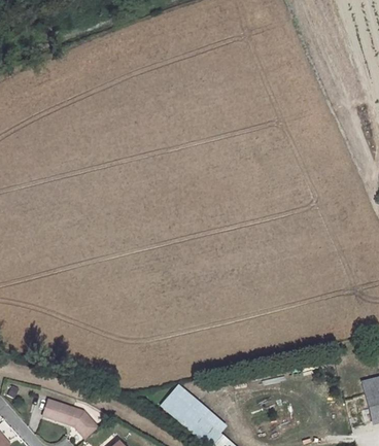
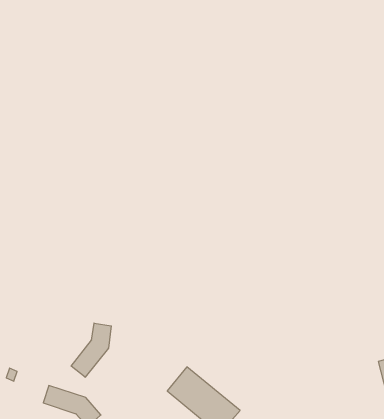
building: none -> [71,323,111,377]

